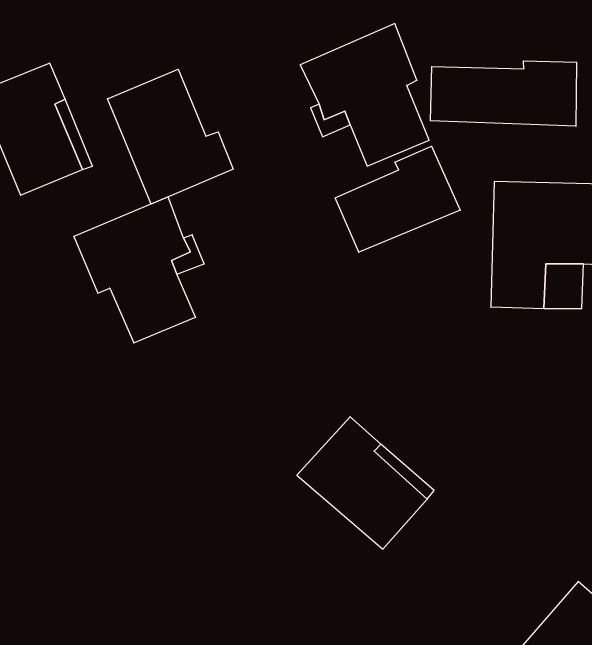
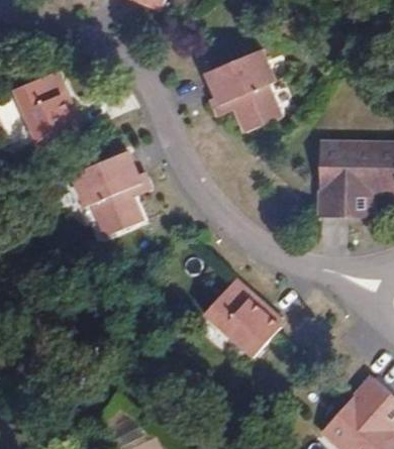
building: [430,61,577,126] -> none
building: [107,69,233,204] -> none
building: [335,146,460,252] -> none

